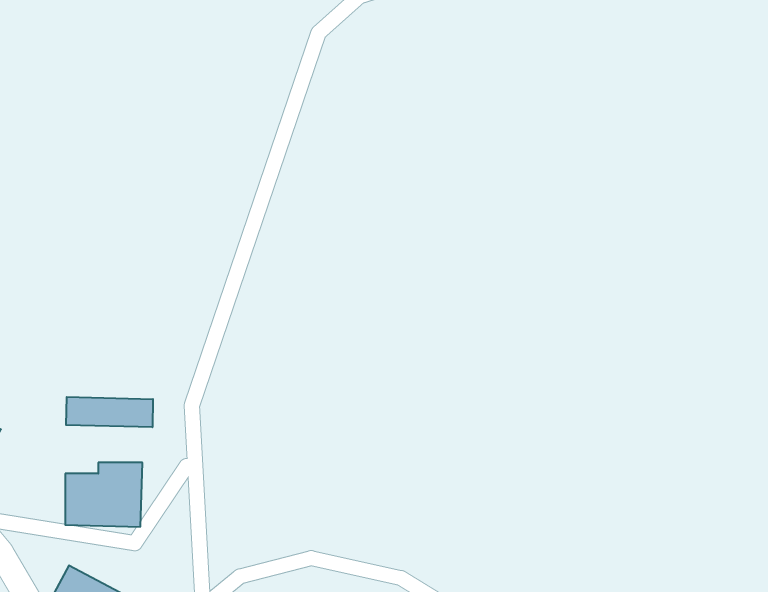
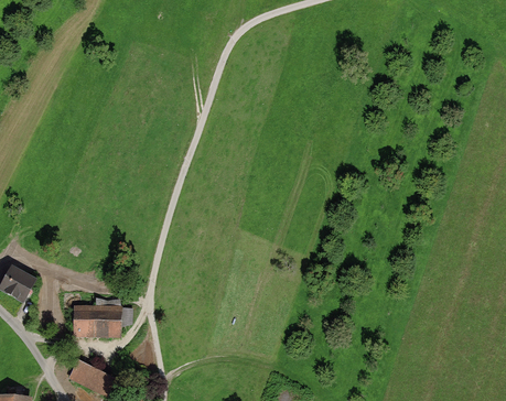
building: [66,397,153,427] -> none

